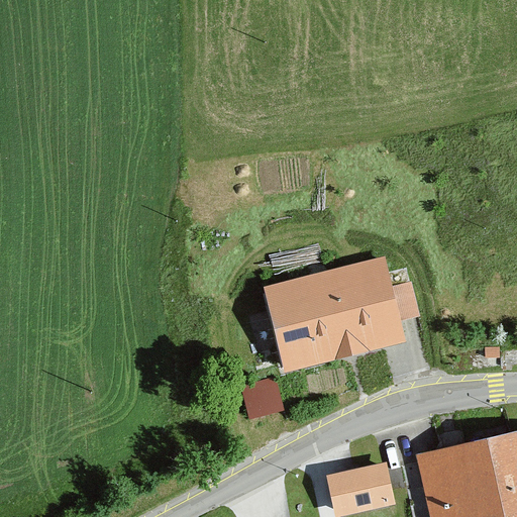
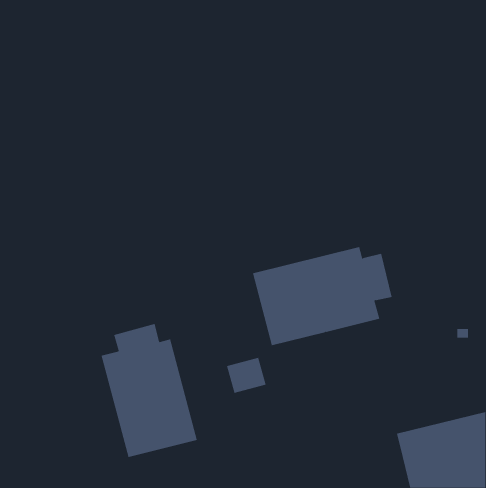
building: none -> [101,323,198,458]
building: [326,466,387,512] -> none

